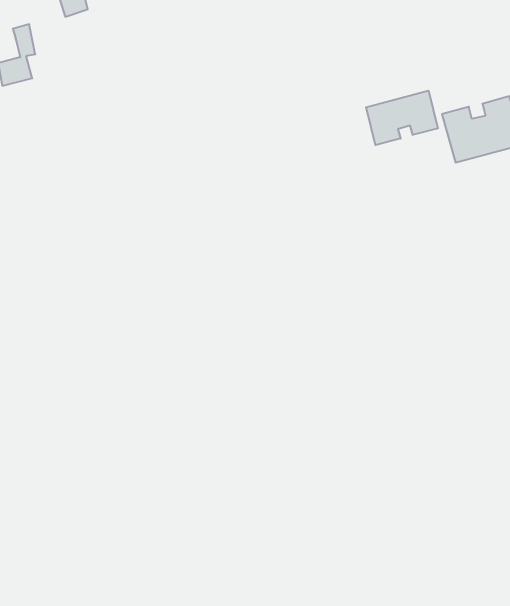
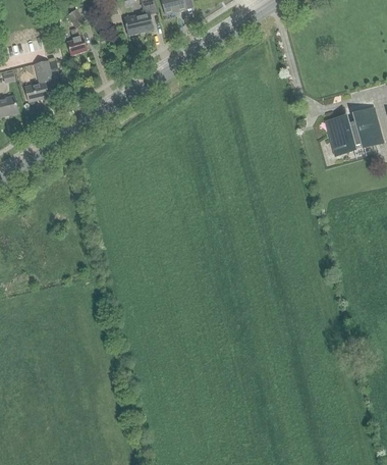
building: [366,91,438,145] -> none

